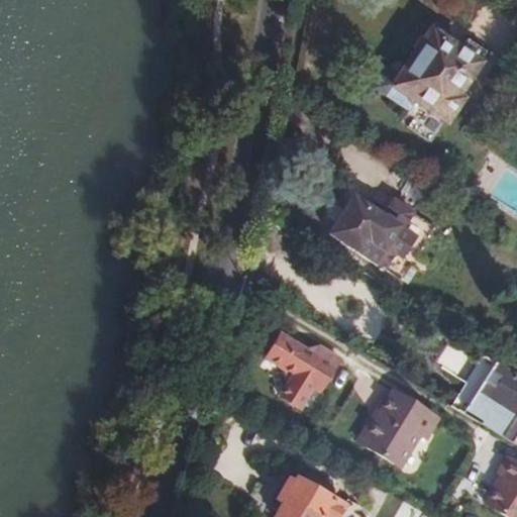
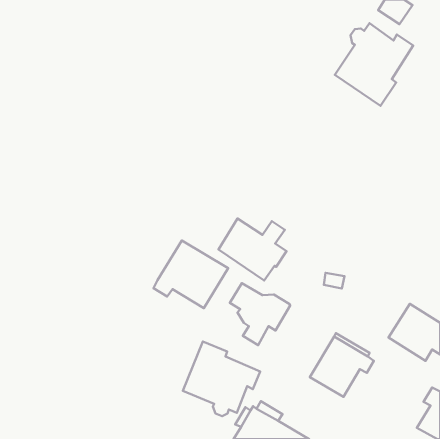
building: [329,198,409,271] -> [218,219,286,281]
building: none -> [154,240,228,308]
building: none -> [183,342,260,416]

